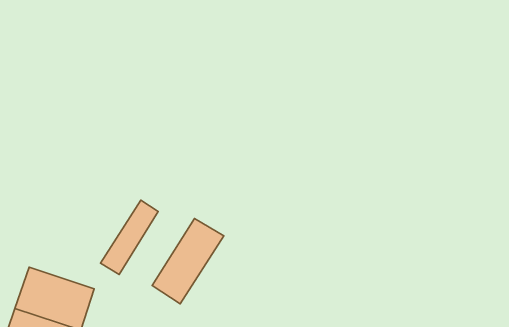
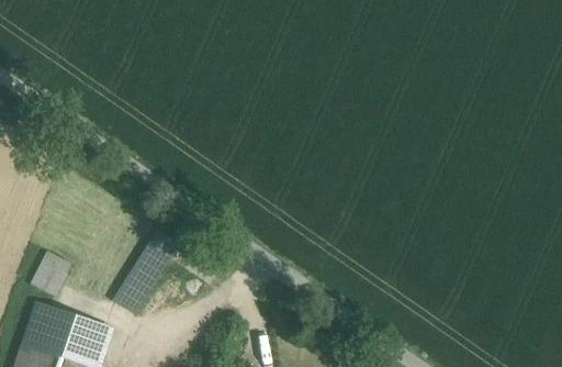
building: [152,219,224,304] -> none
building: none -> [31,252,67,294]

